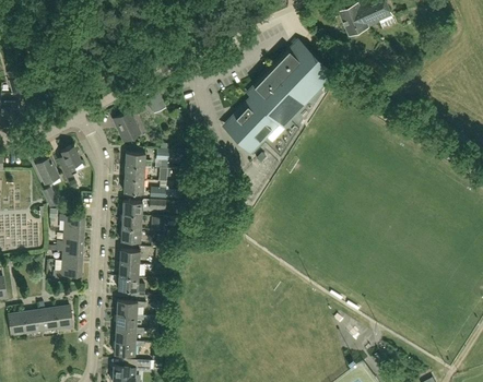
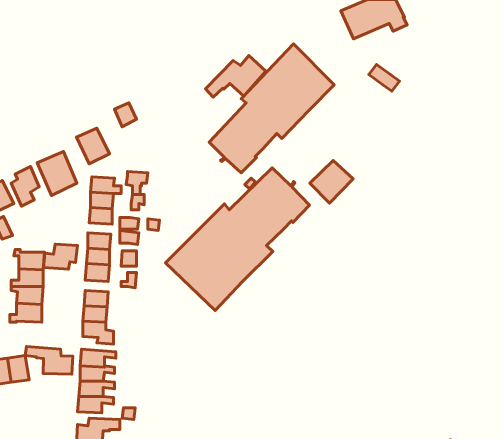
building: none -> [205,55,266,97]
building: none -> [37,152,77,195]
building: none -> [310,160,353,203]
building: none -> [165,168,309,310]
building: none -> [43,244,78,269]
building: none -> [25,347,73,374]

